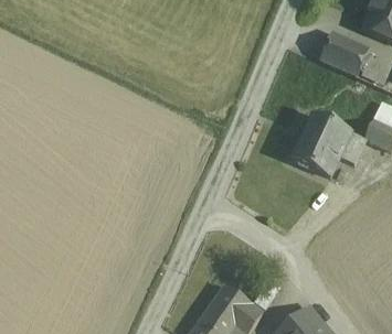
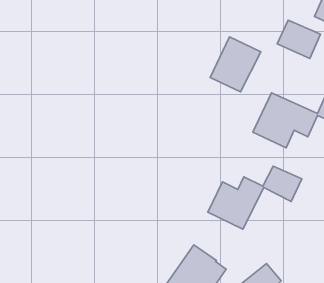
building: none -> [210,37,261,92]
building: none -> [208,166,302,229]

